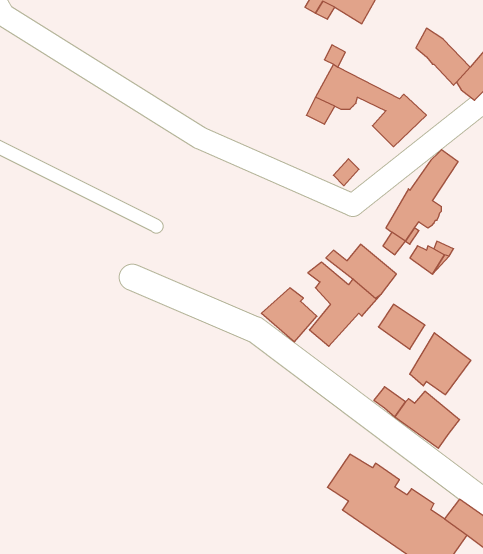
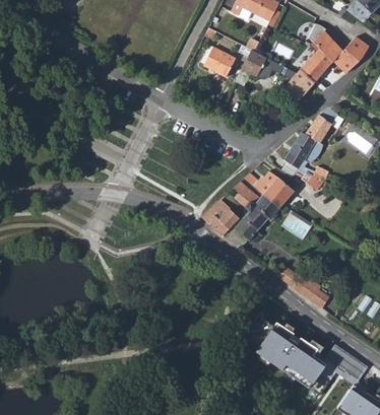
building: none -> [201,44,234,75]
building: none -> [298,50,331,84]
building: [410,333,471,395] -> none

